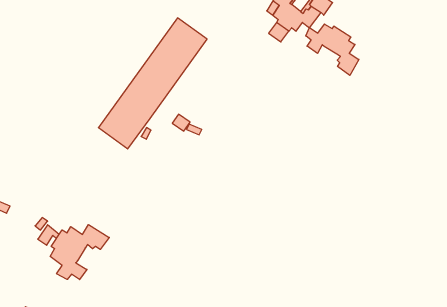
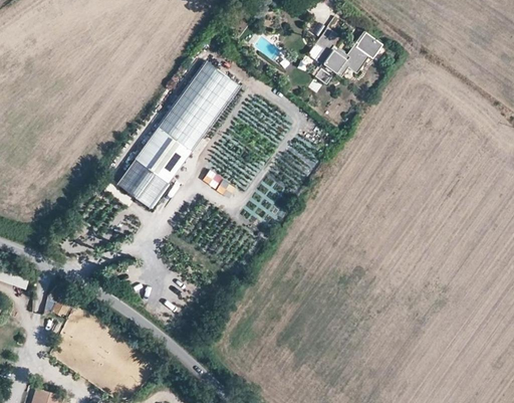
building: [306,24,359,75] -> none
building: [50,225,109,280] -> none

